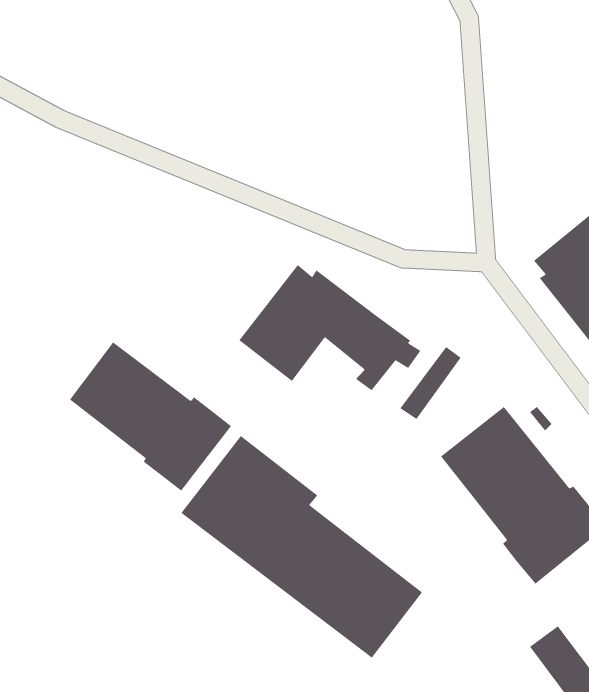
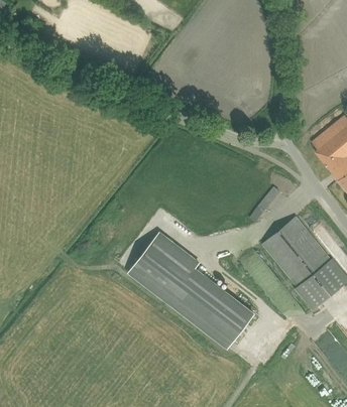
building: [238,264,421,391] -> none
building: [69,341,232,492] -> none

